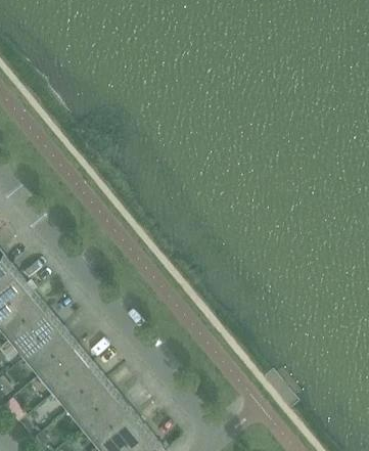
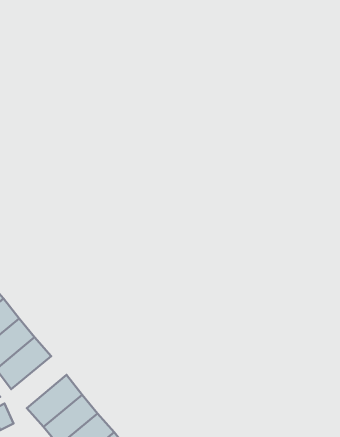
building: [38,343,89,391] -> none

